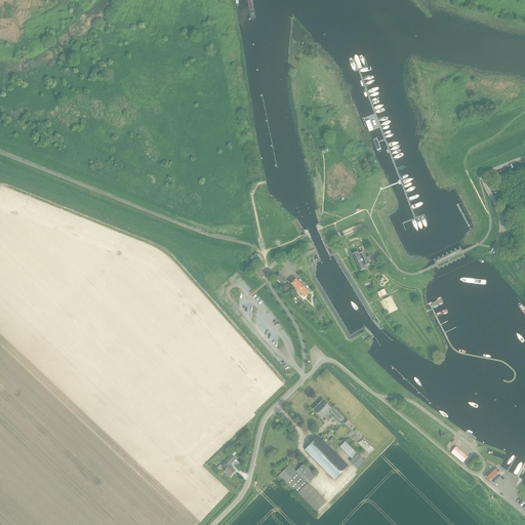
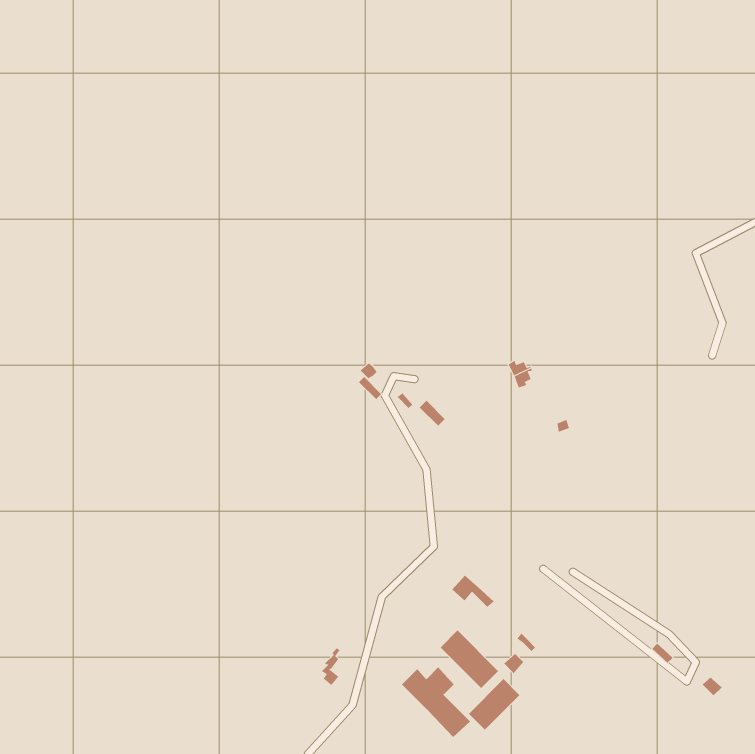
building: none -> [468,678,520,730]

